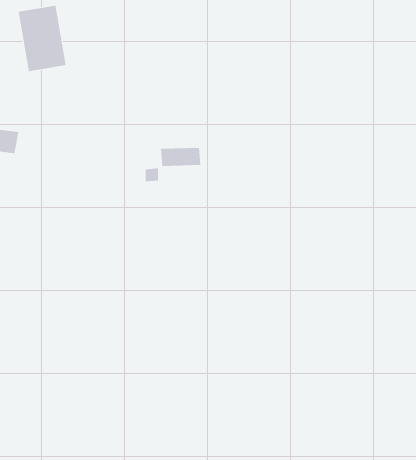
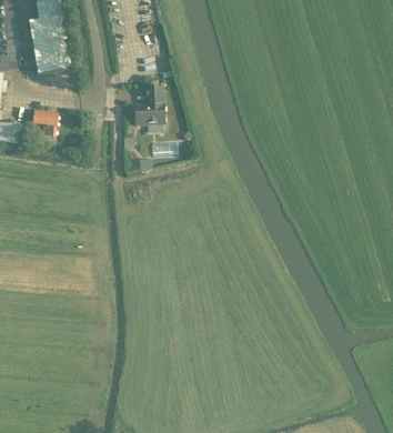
building: none -> [135,85,165,125]
building: none -> [32,110,57,137]

